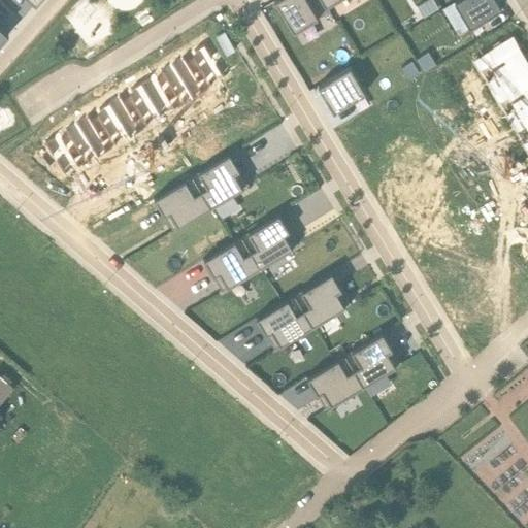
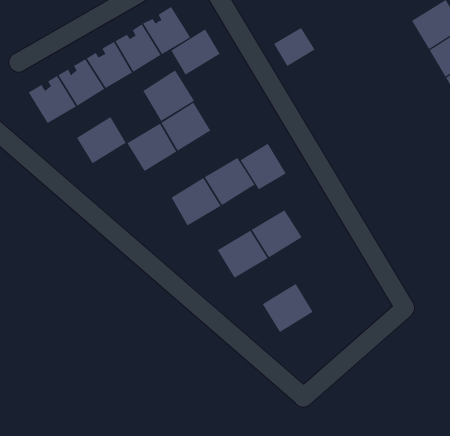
building: none -> [170,29,220,76]
building: none -> [142,70,195,122]
building: none -> [76,116,127,164]
building: none -> [240,143,286,190]
building: [346,332,404,387] -> none

